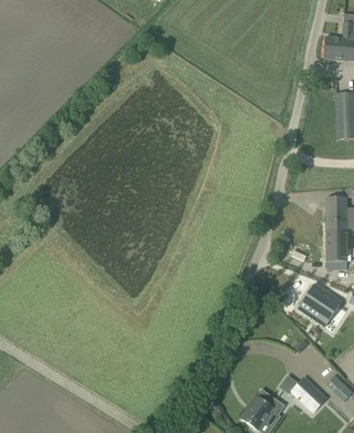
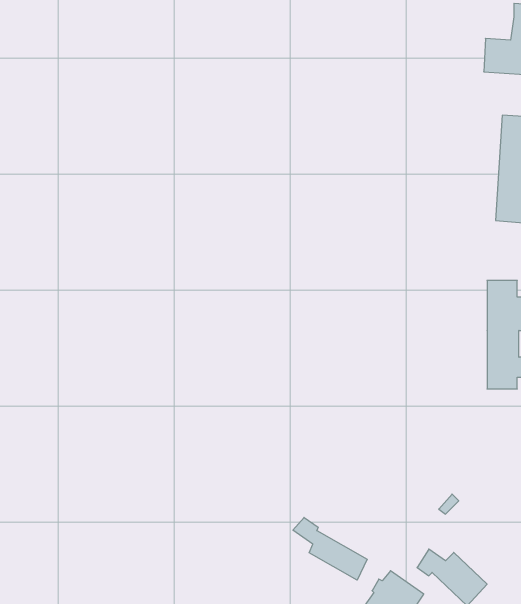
building: [298,283,342,326] -> none
building: none -> [293,517,367,580]

